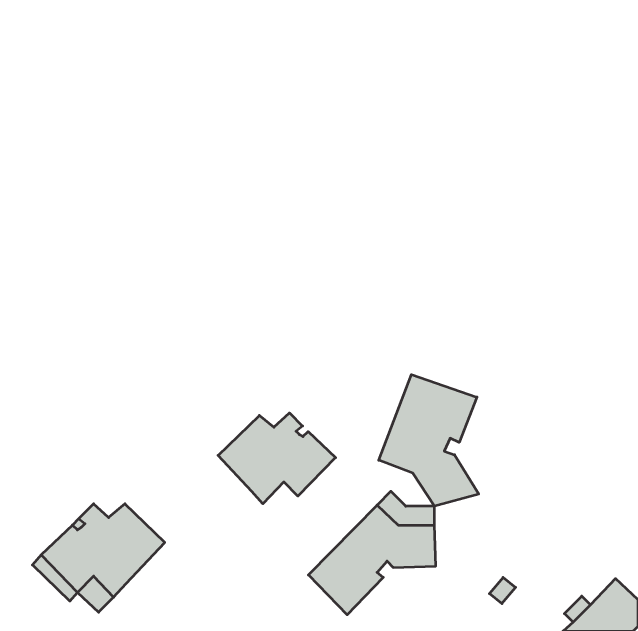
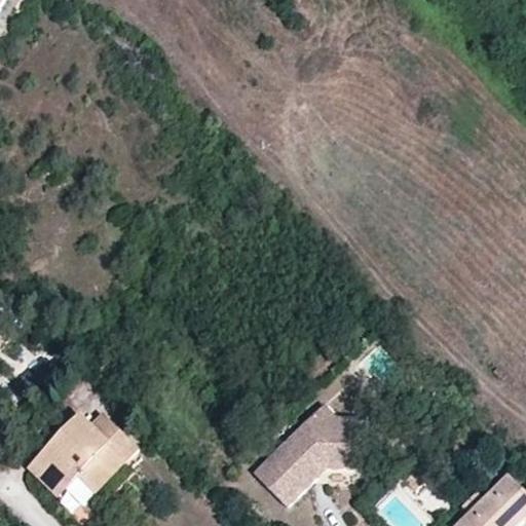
building: [379,375,479,506] -> none
building: [218,413,336,504] -> none

